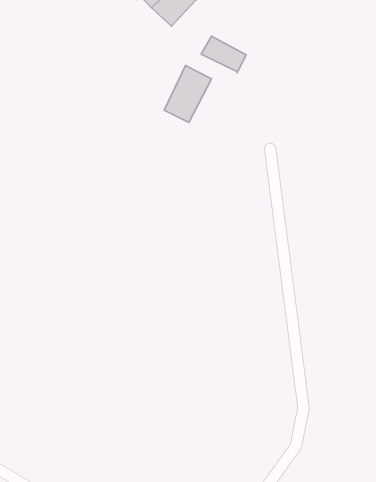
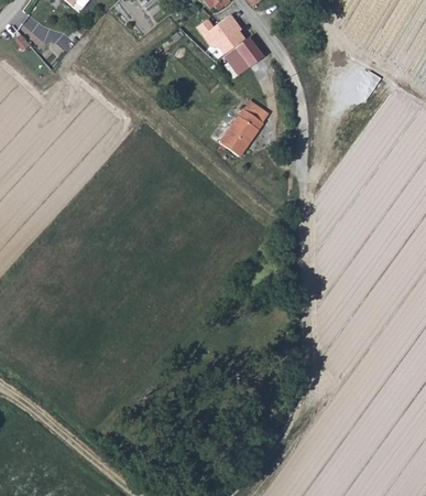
building: [201,36,246,73] -> none

